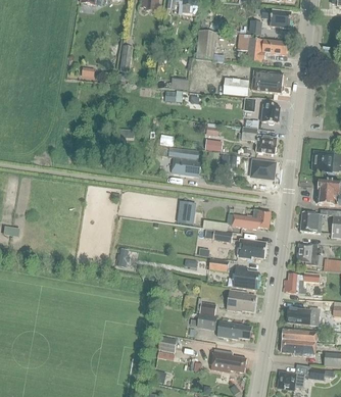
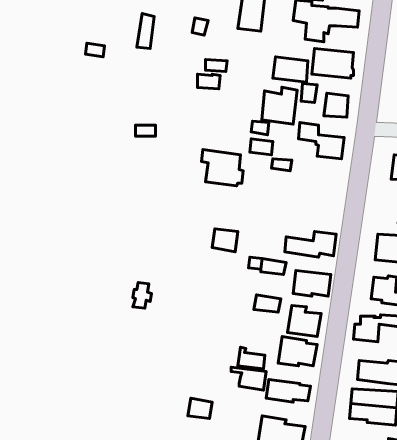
building: none -> [262,87,297,124]
building: [250,159,275,179] -> none

